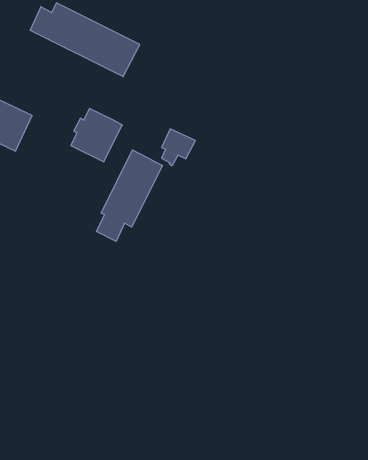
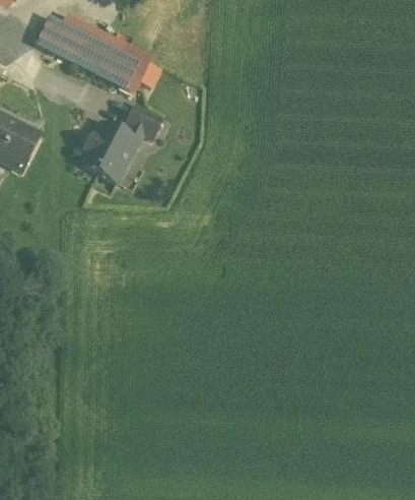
building: [162,129,195,166] -> [126,107,161,145]
building: [97,150,163,241] -> none

